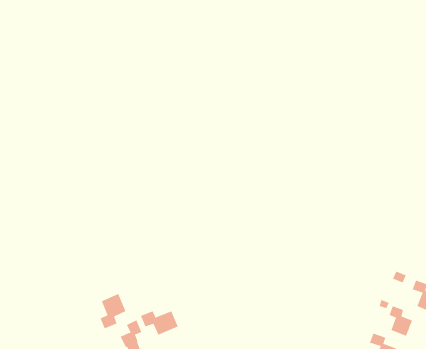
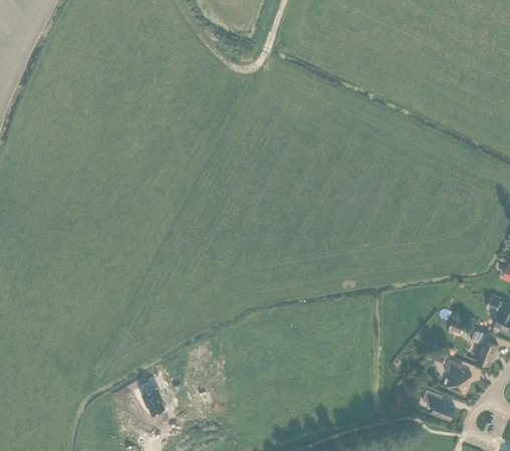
building: [100,293,126,329] -> none
building: [140,310,178,335] -> none

